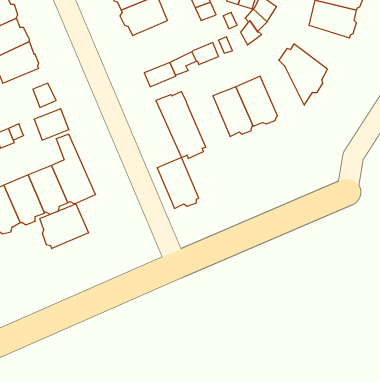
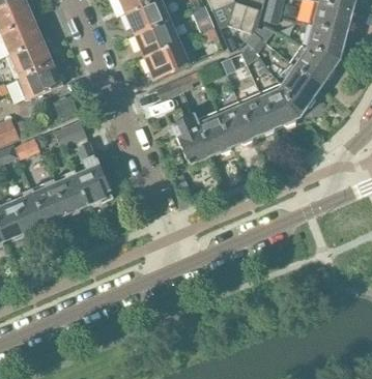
building: none -> [143,42,187,80]
building: none -> [289,47,339,86]
building: none -> [259,83,298,127]
building: [157,157,199,208] -> [195,110,232,155]
building: [40,204,89,249] -> none

